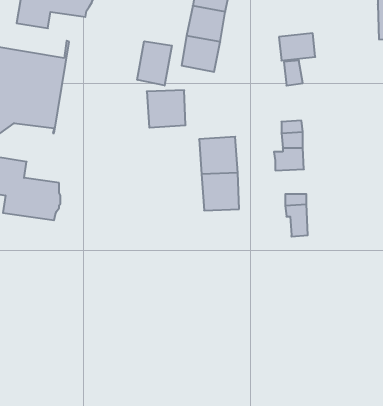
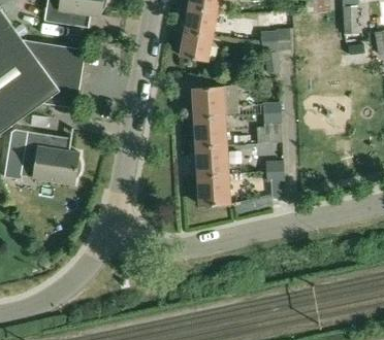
building: [137,41,172,86] -> none
building: [147,90,186,128] -> [192,86,224,116]
building: none -> [198,174,229,205]

